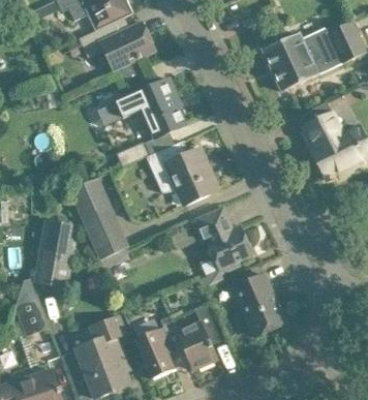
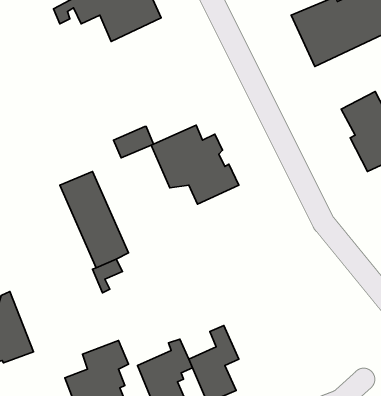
building: [99,78,184,139] -> none
building: [191,215,252,288] -> none
building: [34,221,75,287] -> none
building: [233,273,284,336] -> none

